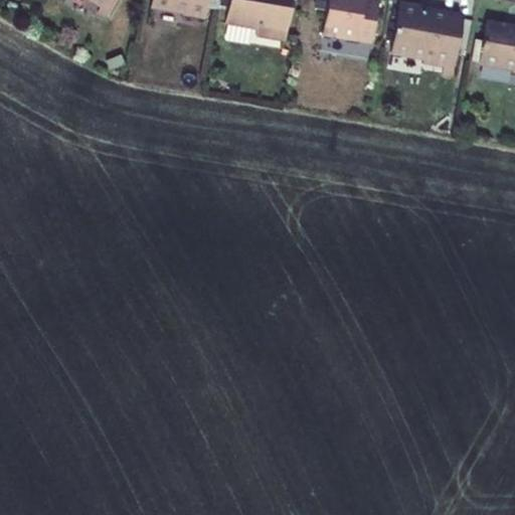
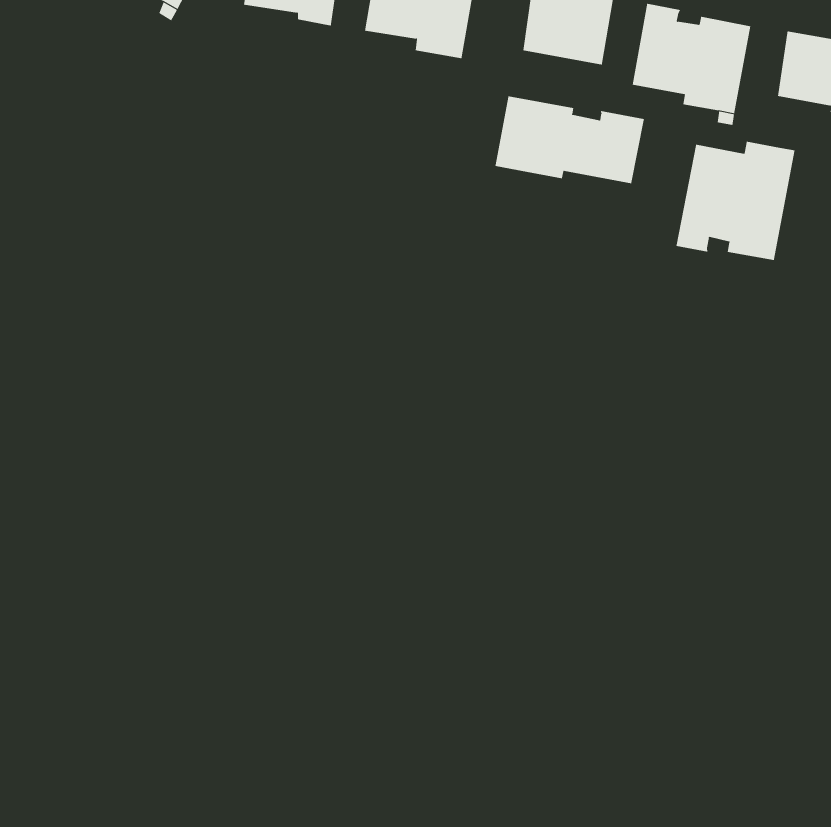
building: none -> [495,96,644,184]
building: none -> [676,141,795,261]

